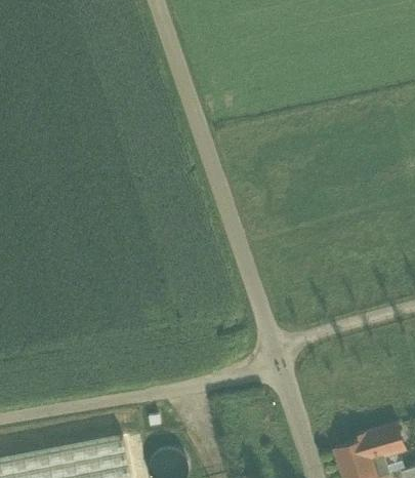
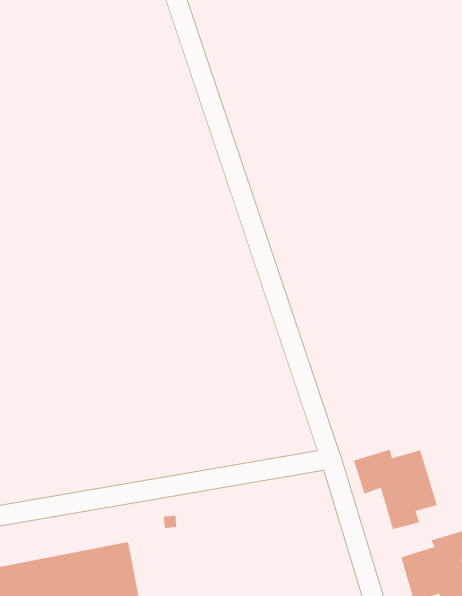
building: none -> [353,449,438,530]

